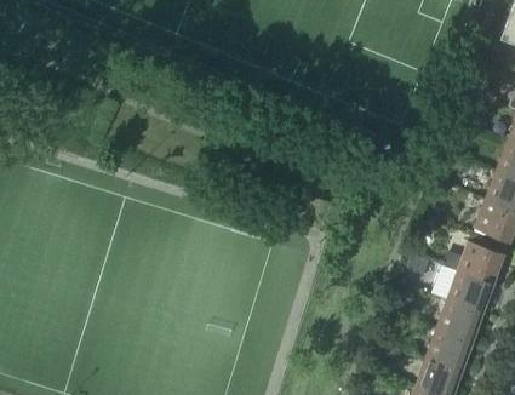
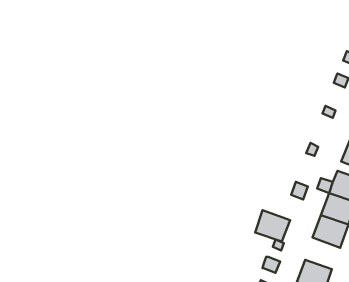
building: [427,330,473,371] -> [255,210,290,242]

